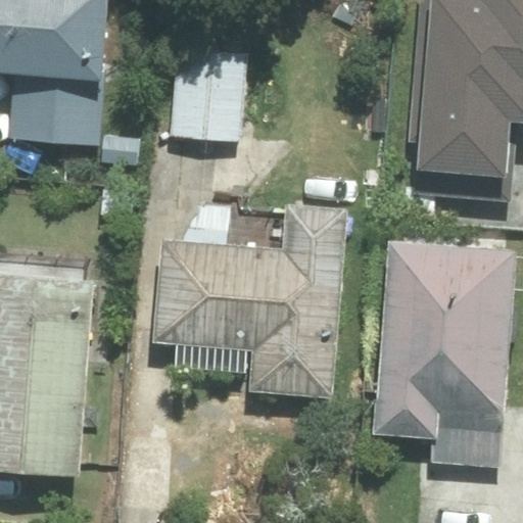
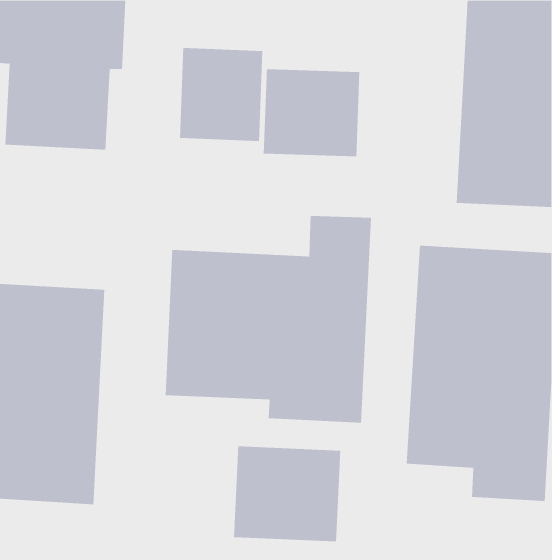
building: none -> [263,68,360,157]
building: none -> [234,446,341,542]

